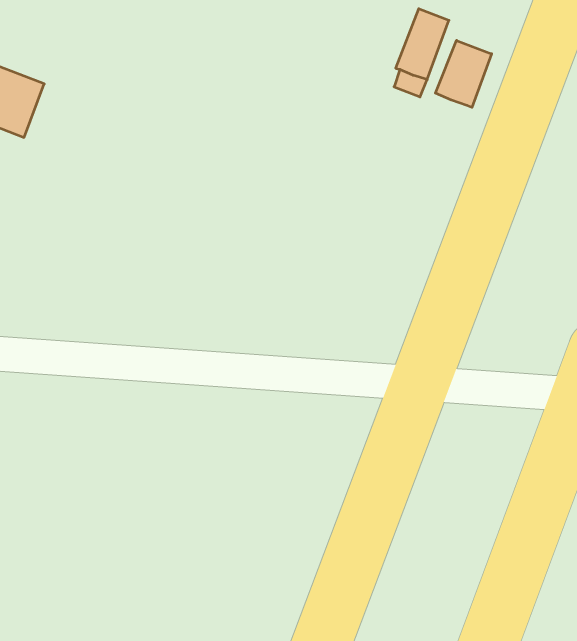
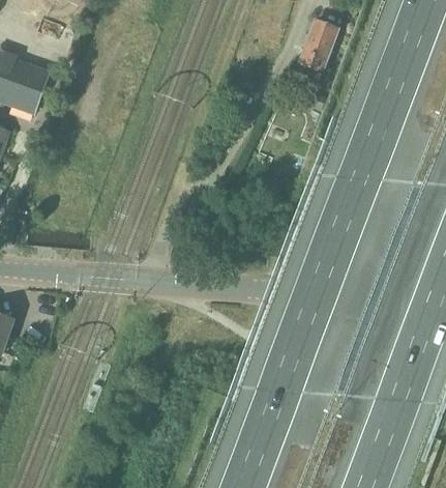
building: [435,40,492,107] -> none

